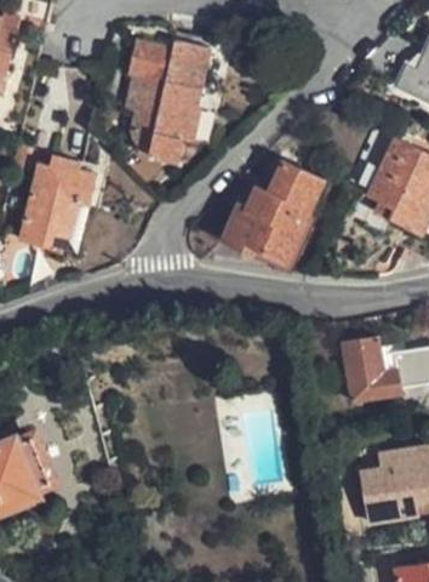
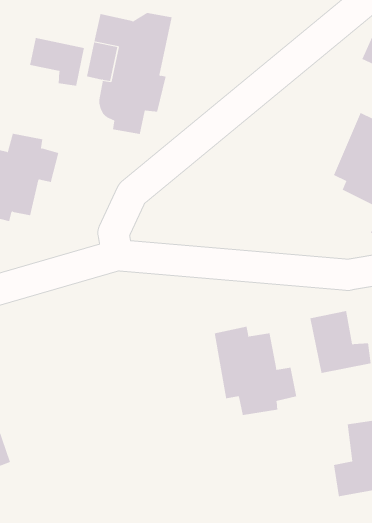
building: none -> [30,37,85,86]
building: [222,160,320,257] -> none
building: none -> [214,326,297,416]

